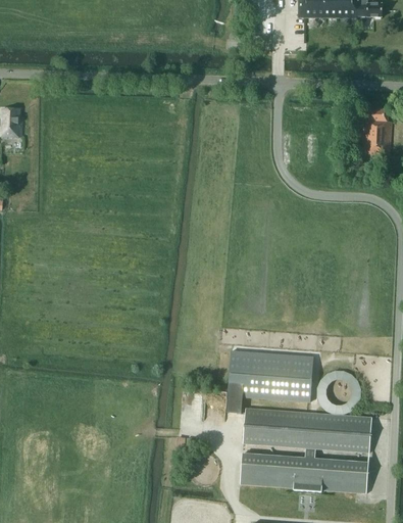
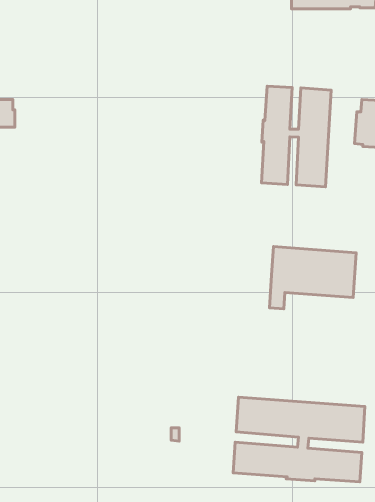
building: none -> [261,86,331,187]
building: [226,350,313,413] -> [269,247,356,309]

